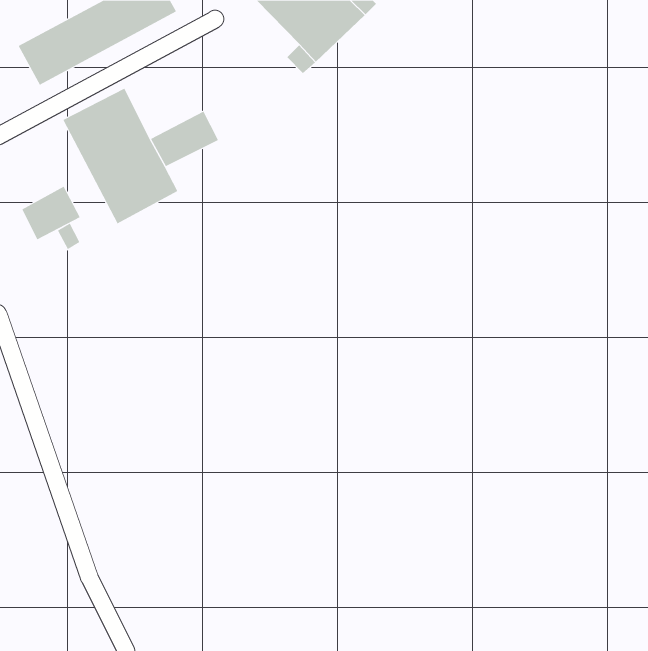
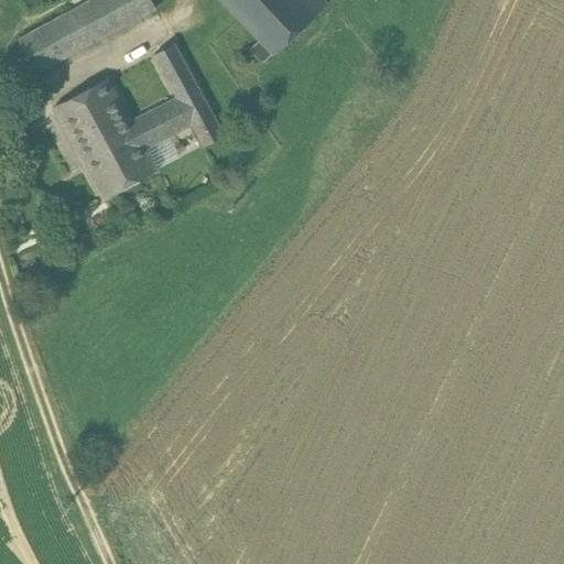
building: none -> [155,44,221,147]
building: [22,186,81,240] -> none

